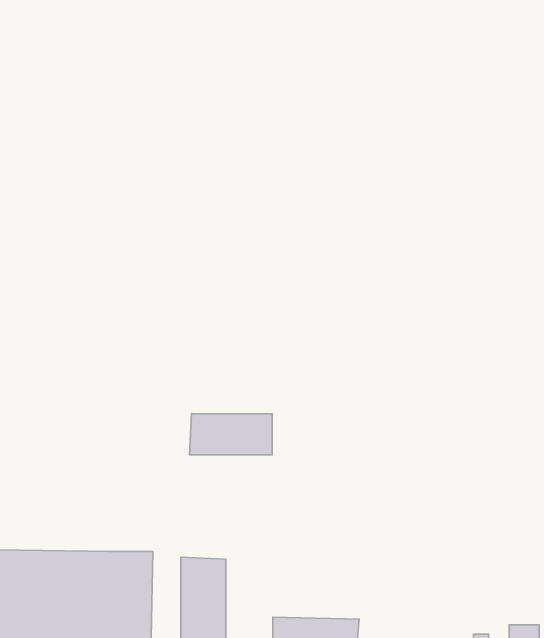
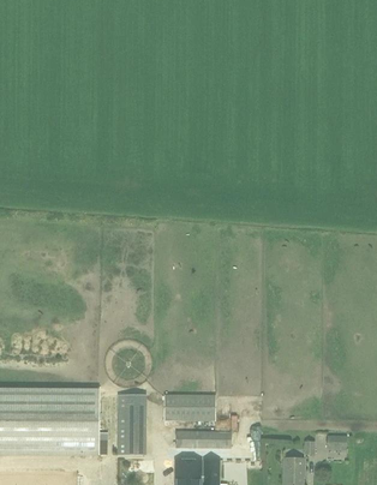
building: [189,414,272,455] -> [162,393,215,419]

